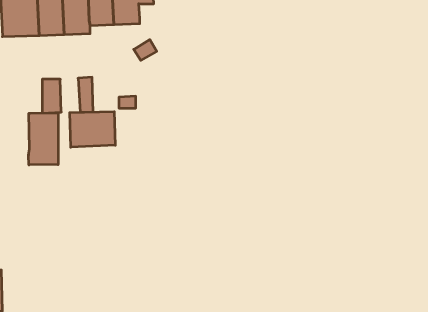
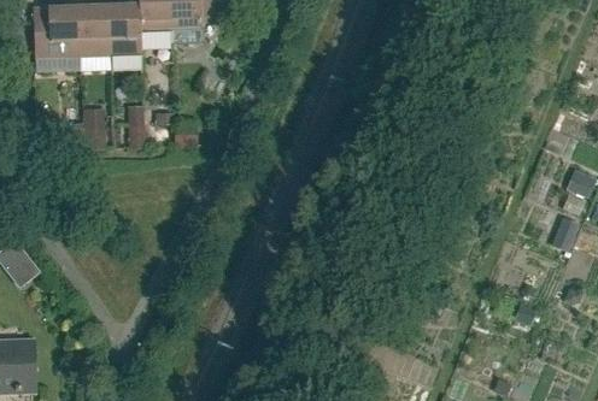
building: [70,112,115,147] -> none
building: [29,113,58,165] -> none

